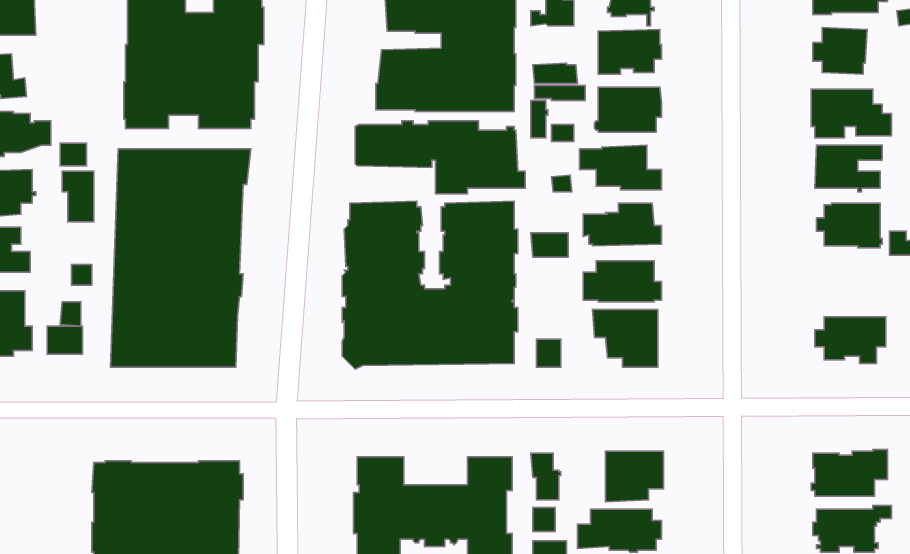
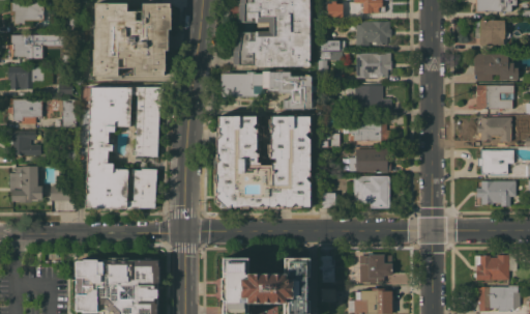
building: none -> [477,149,513,175]

